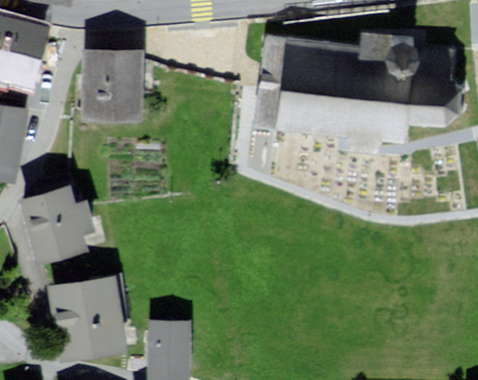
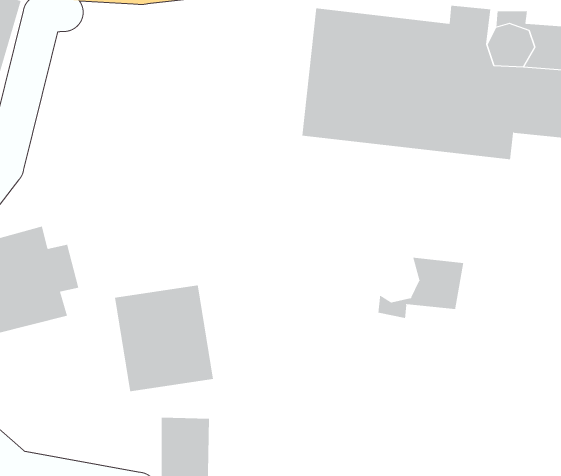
building: [78,52,144,120] -> none
building: none -> [378,257,464,319]
building: [52,283,124,359] -> [114,285,214,392]

